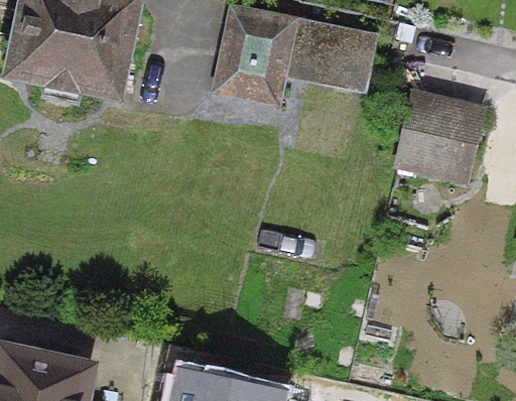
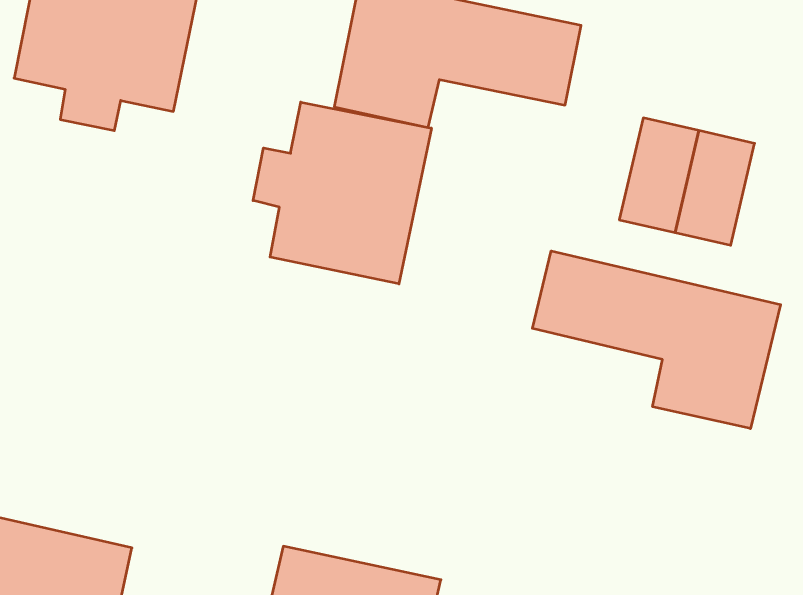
building: none -> [253,102,431,284]
building: none -> [532,251,781,429]

